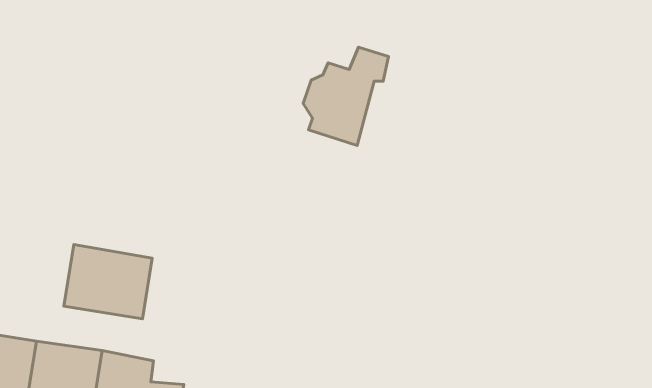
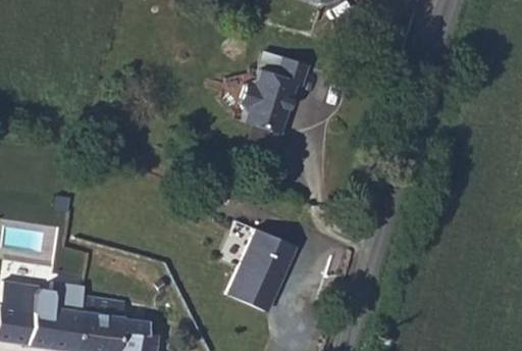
building: [64,245,152,319] -> none
building: none -> [234,231,297,311]

